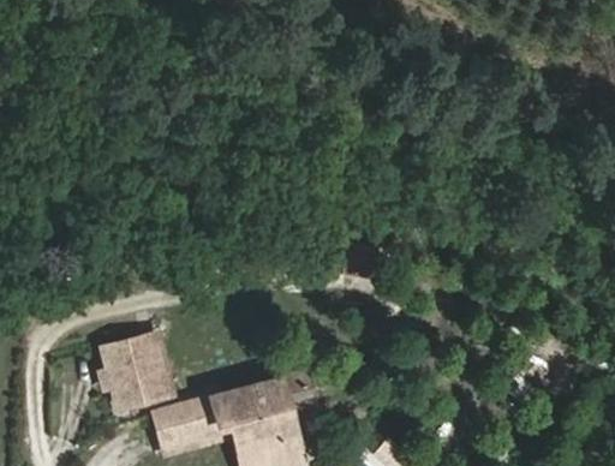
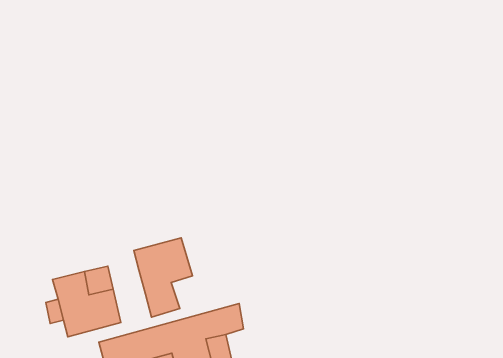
building: none -> [134,238,192,317]

